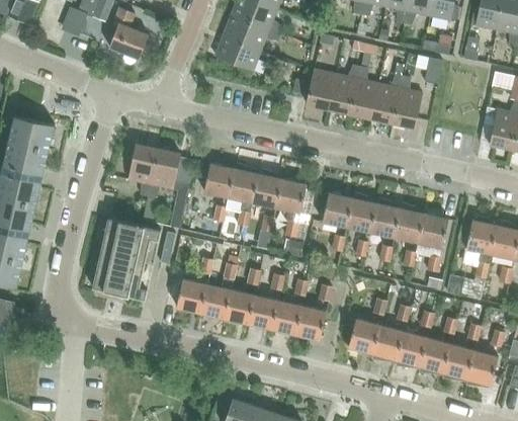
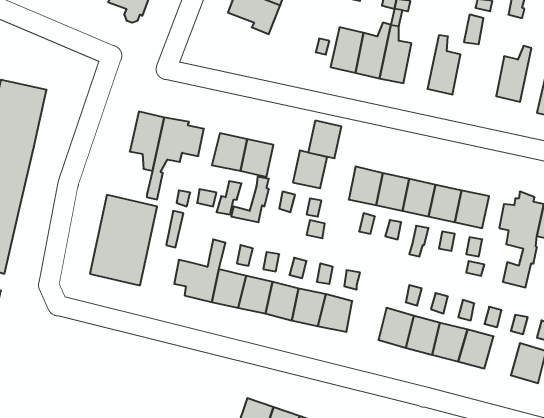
building: [371,74,403,123] -> [496,46,531,102]
building: [250,173,279,206] -> [308,121,341,158]
building: [443,343,474,377] -> none

